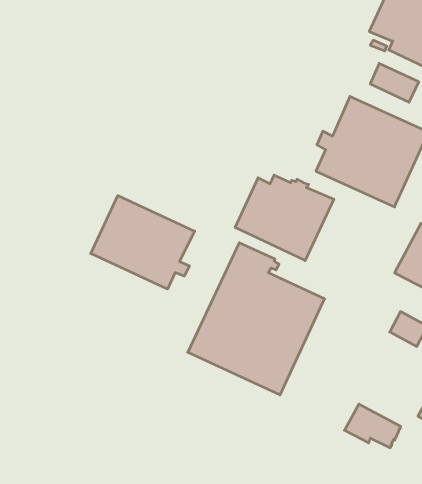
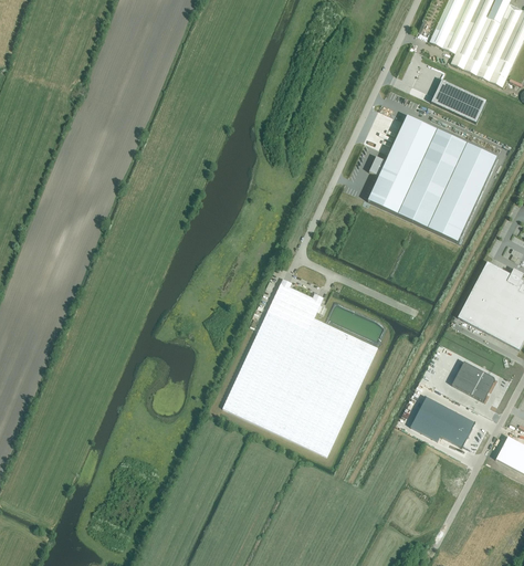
building: [235,175,334,261] -> none
building: [91,196,195,289] -> none
building: [344,404,401,448] -> [410,396,474,446]

